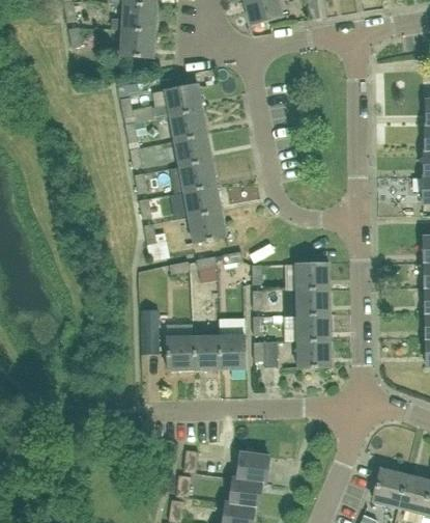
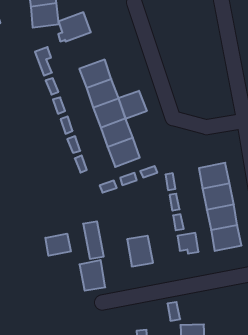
building: [162,84,202,116] -> [58,12,91,41]
building: none -> [119,91,147,119]
building: none -> [45,234,71,256]
building: [166,335,193,369] -> [79,260,105,291]
building: [219,335,246,369] -> none

